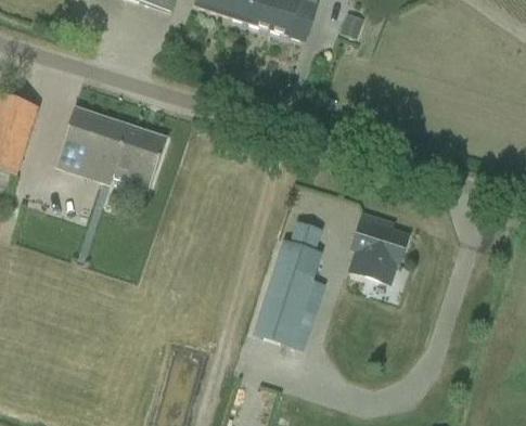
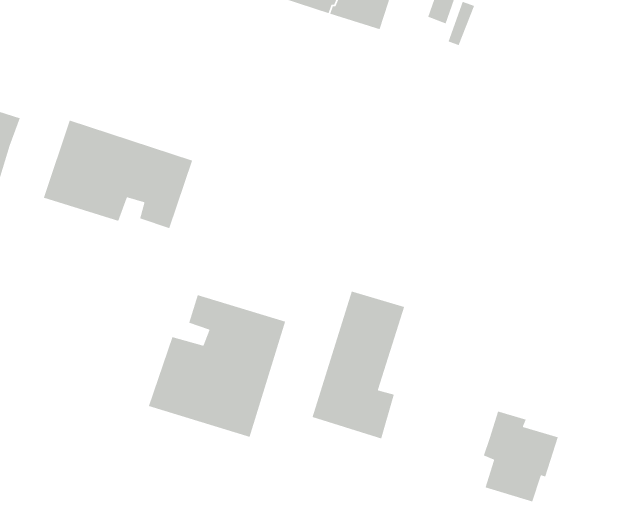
building: [352,214,409,282] -> [483,410,559,502]
building: none -> [148,294,286,438]

